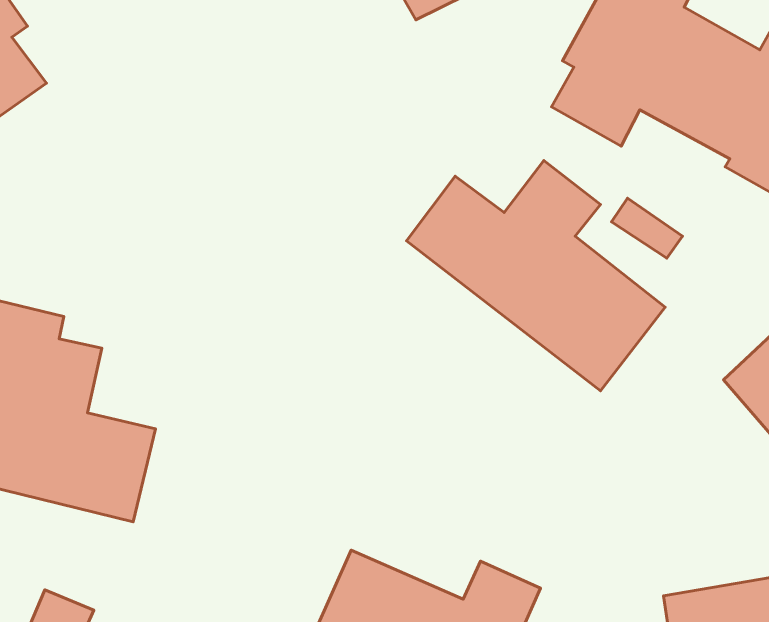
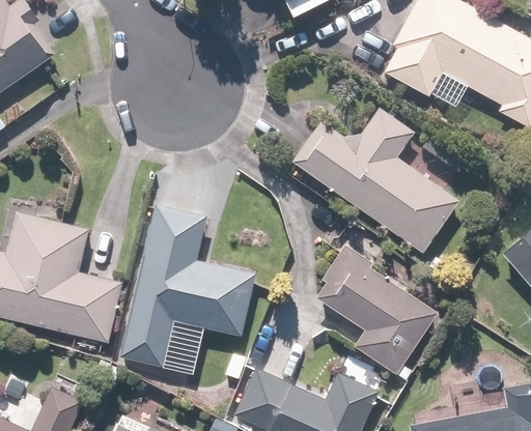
building: none -> [121,200,256,365]
building: none -> [308,241,439,375]

